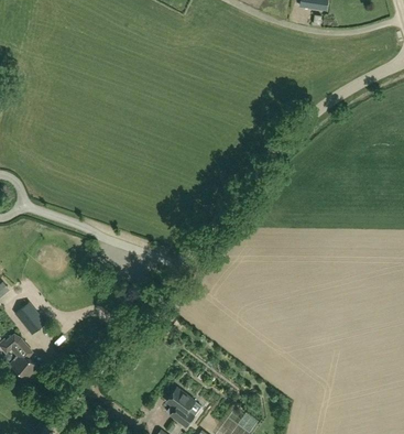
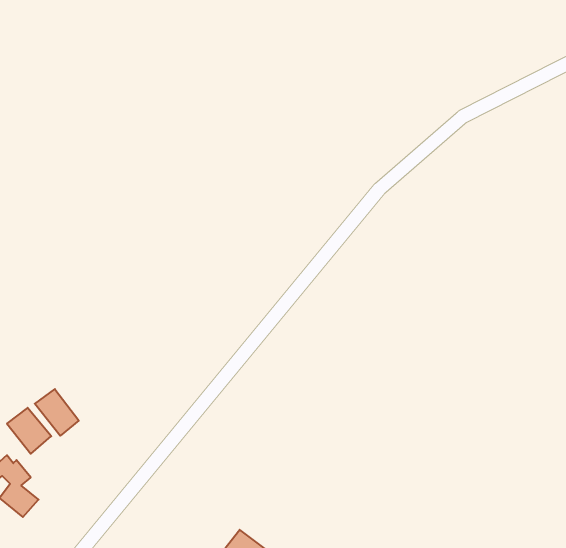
building: none -> [35,389,79,436]

